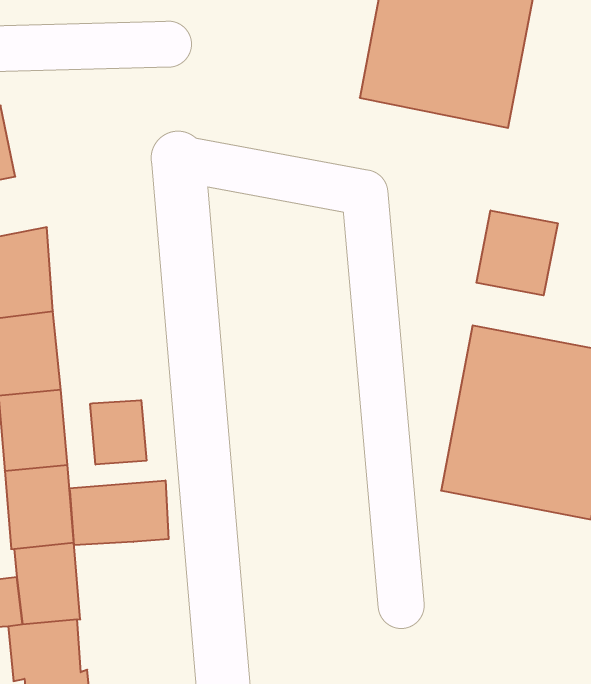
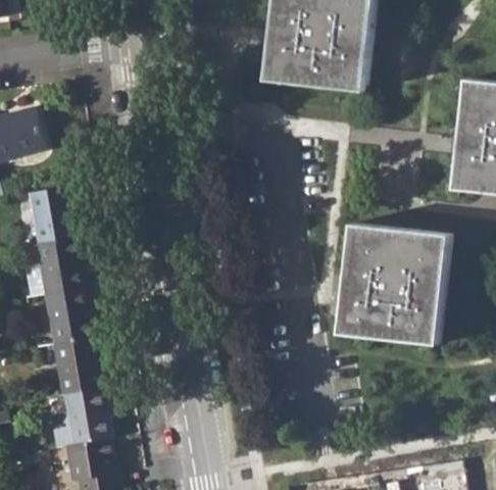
building: [476,210,558,295] -> none
building: [90,400,146,465] -> none
building: [69,480,169,545] -> none

